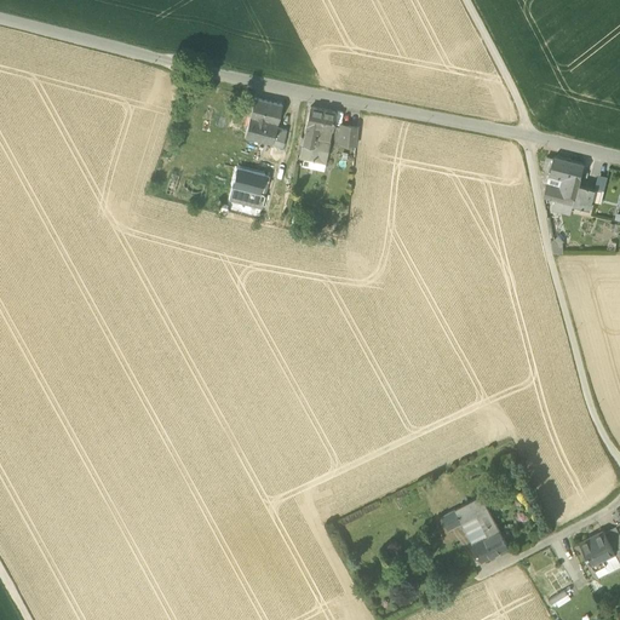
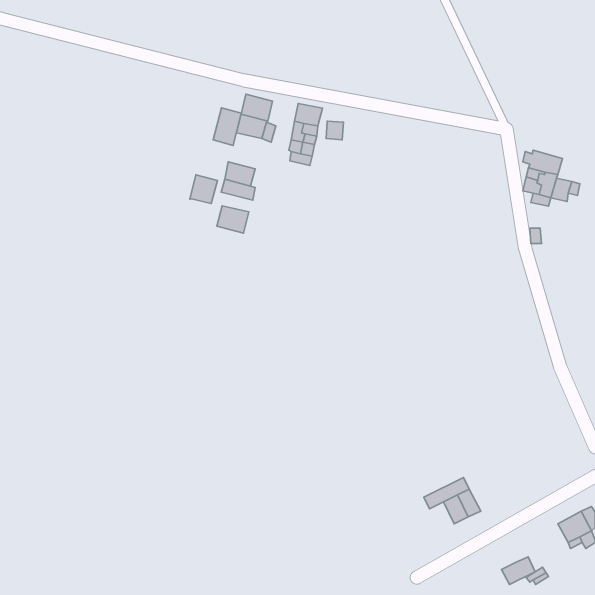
building: none -> [213,108,241,145]
building: none -> [190,175,218,203]
building: none -> [217,206,249,233]
building: [472,532,507,561] -> [501,557,535,585]

